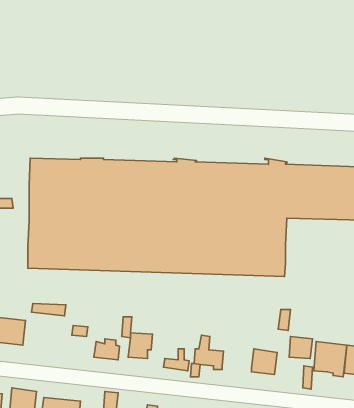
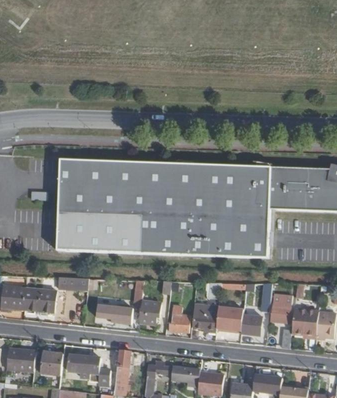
building: none -> [216,307,243,331]

